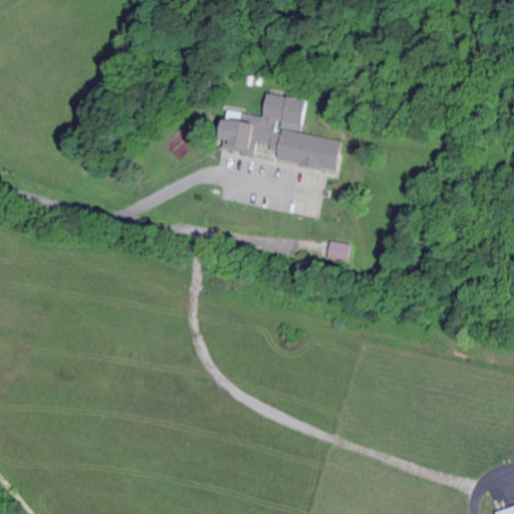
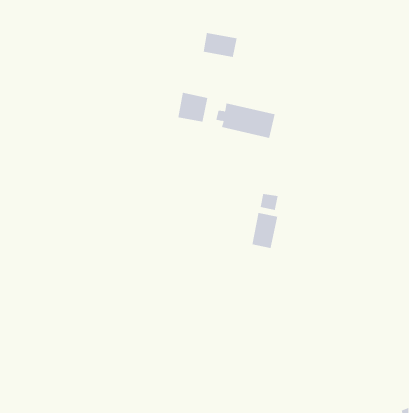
building: [261,93,304,124] -> [203,32,238,58]
building: none -> [252,212,278,249]

